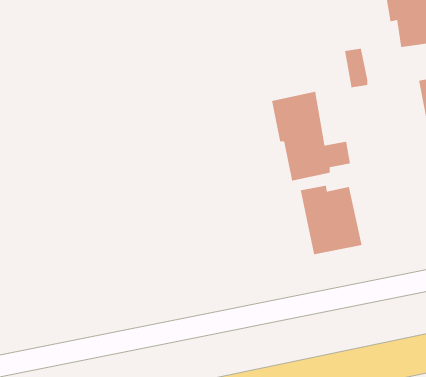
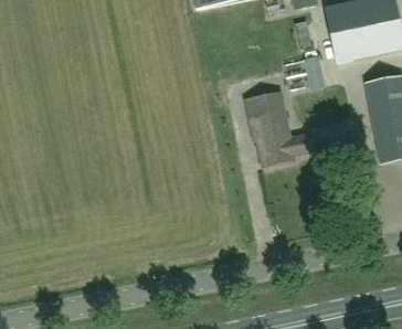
building: [300,185,363,255] -> none

